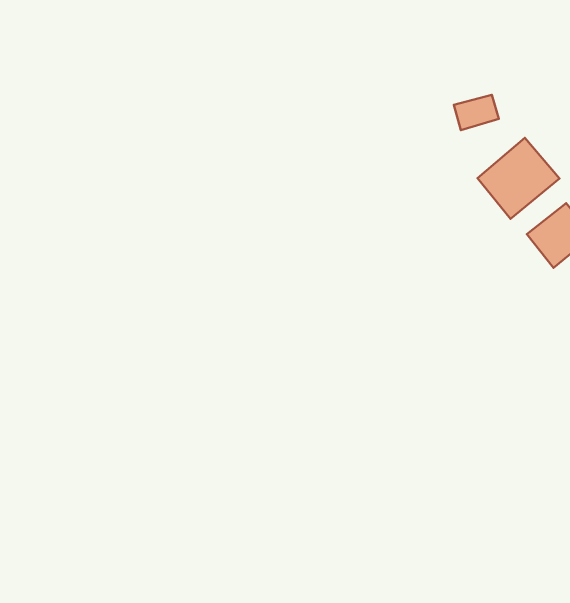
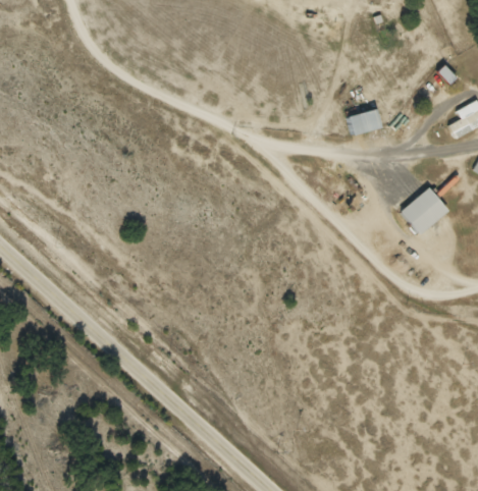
building: [478,138,559,219] -> none

